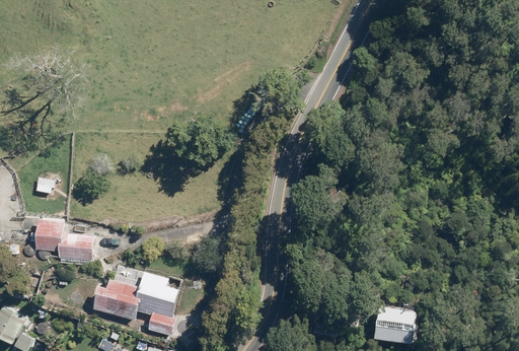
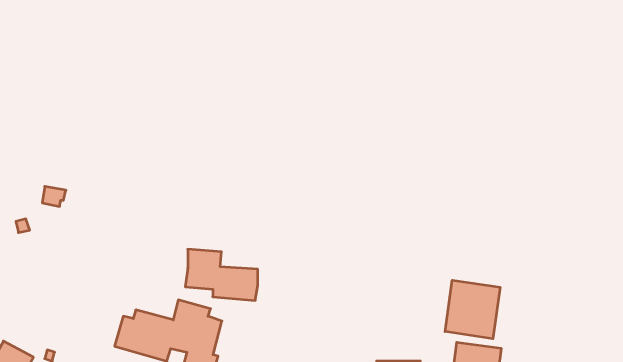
building: [34,220,93,262] -> [185,249,258,300]
building: none -> [445,280,500,339]

